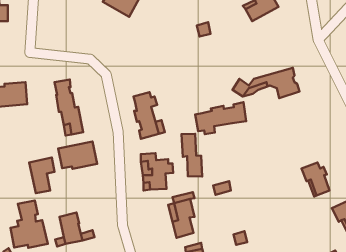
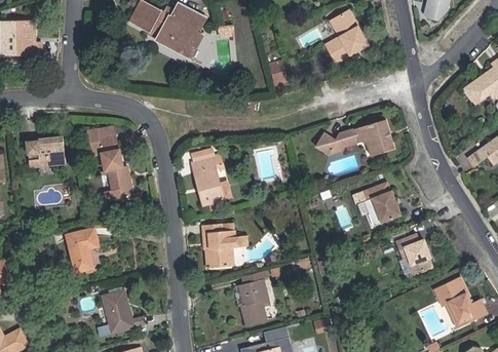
building: [195,102,246,134] -> none
building: none -> [360,181,401,223]
building: [182,134,202,176] -> none
building: [58,142,97,169] -> none
building: [10,200,48,248] -> none

